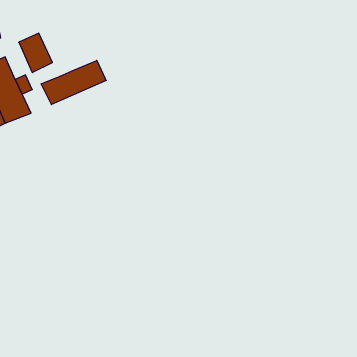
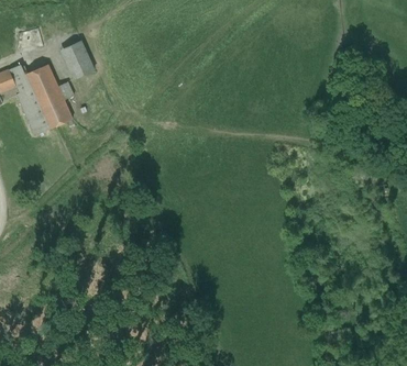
building: [41,60,106,105] -> none

